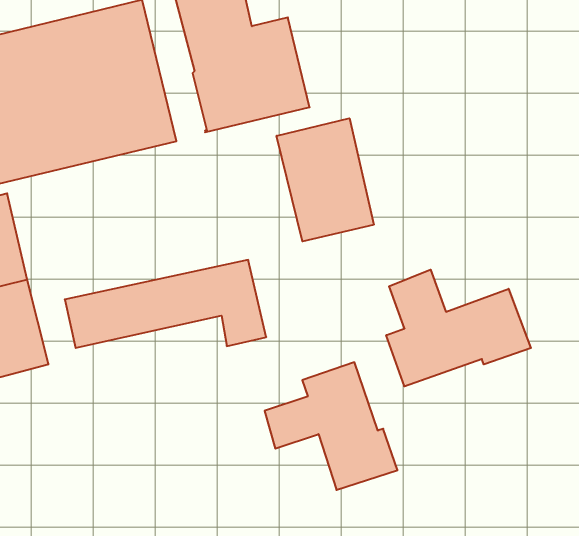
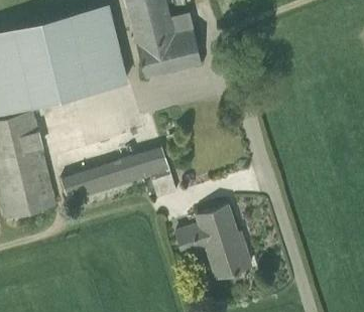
building: [277,118,374,241] -> none
building: [386,270,531,386] -> none

